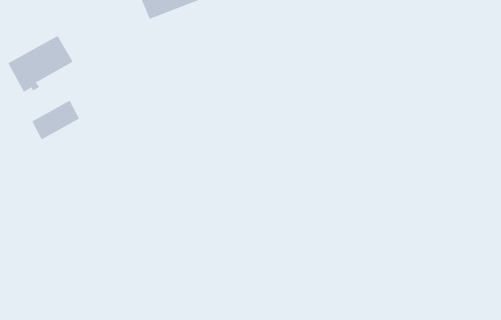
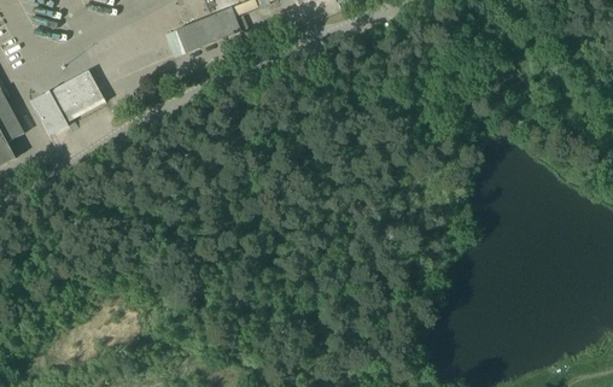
building: [32,100,80,140] -> none

